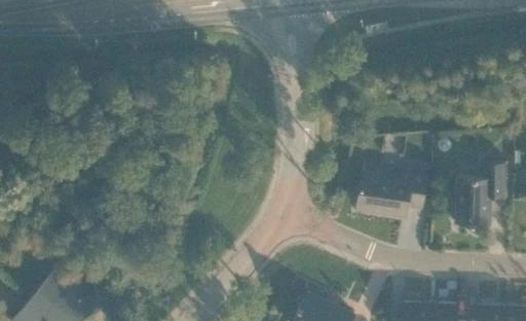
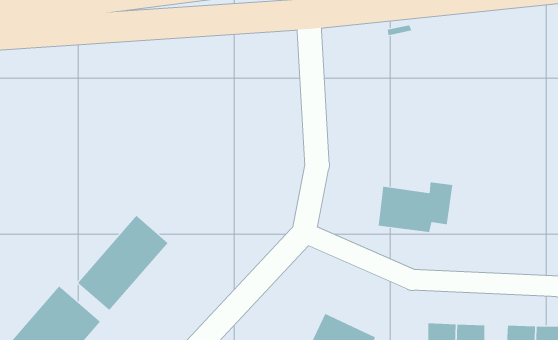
building: [451,166,506,228] -> none
building: none -> [77,215,169,311]

